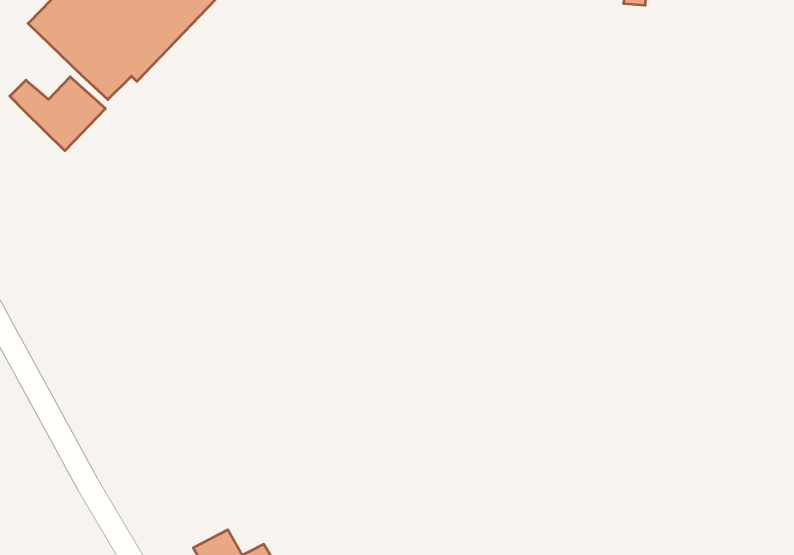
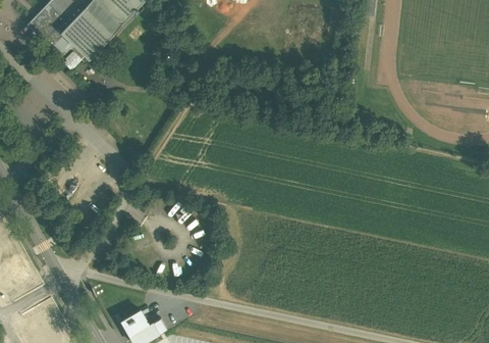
building: [10,77,105,151] -> none

